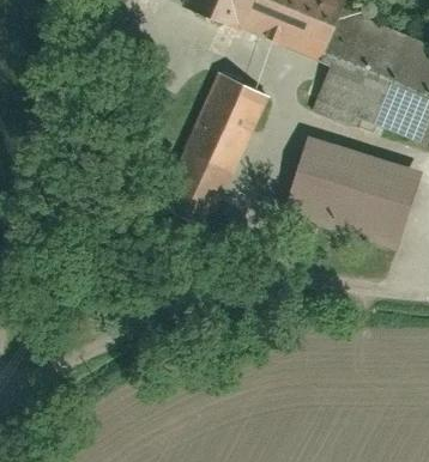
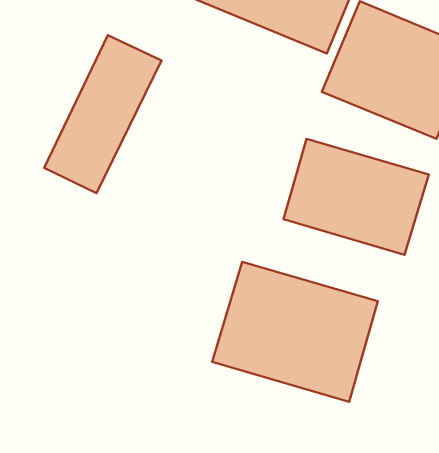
building: [158,77,268,225] -> [44,35,161,193]
building: none -> [212,262,378,402]

